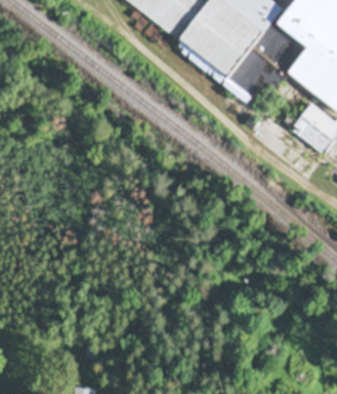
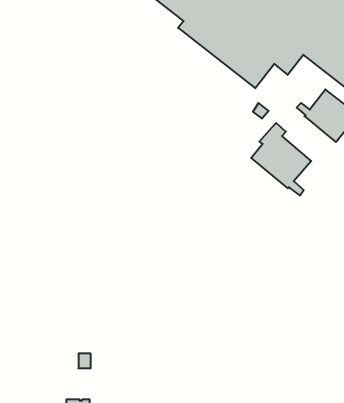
building: none -> [251,123,311,196]

